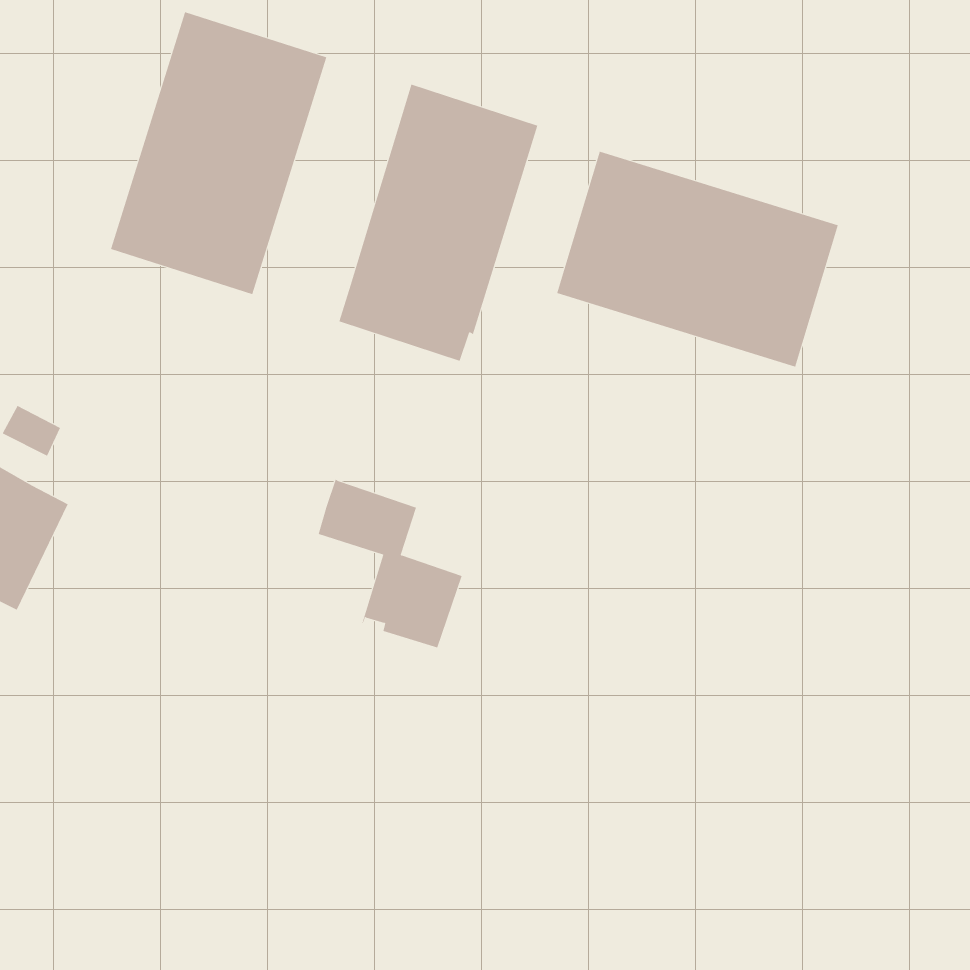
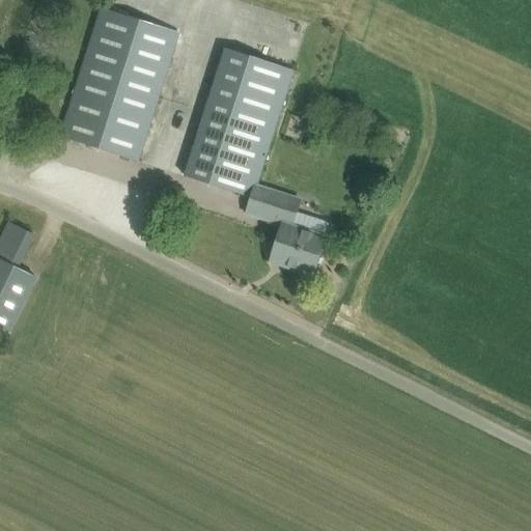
building: [556,151,839,367] -> none
building: [318,479,462,648] -> [247,181,326,274]

